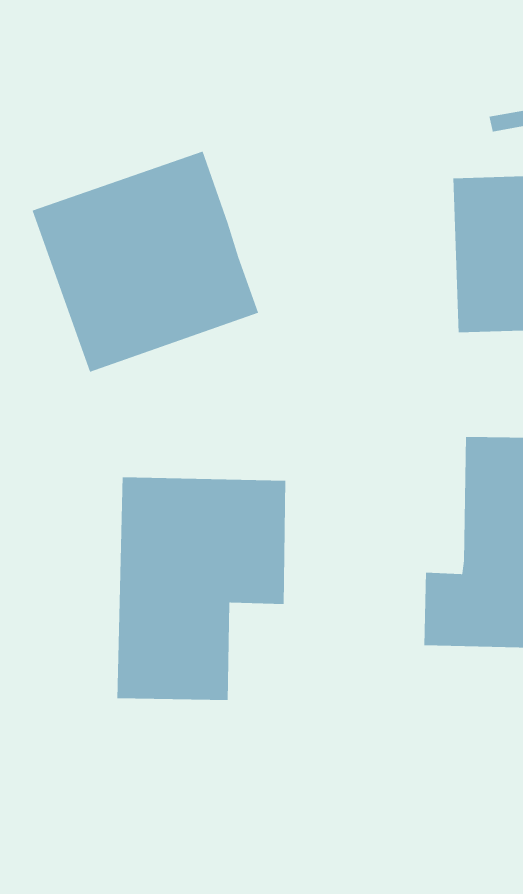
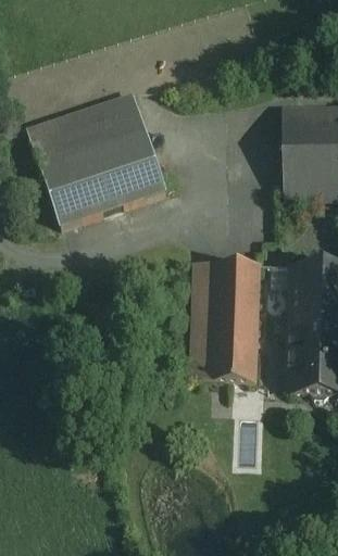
building: [117,477,286,701] -> [187,262,289,396]

